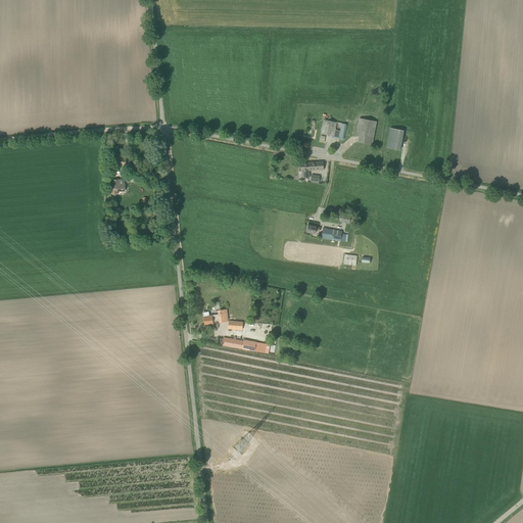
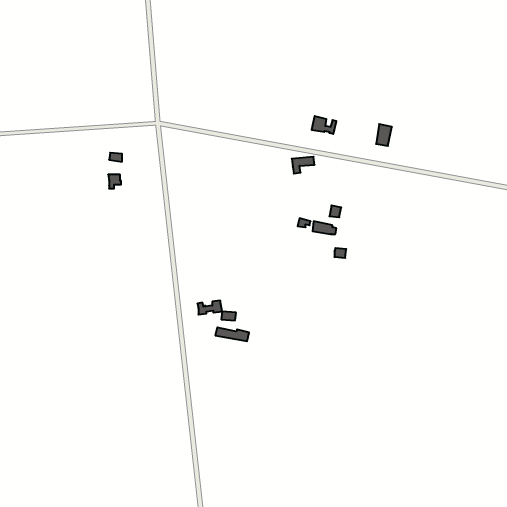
building: [355,118,376,145] -> none

